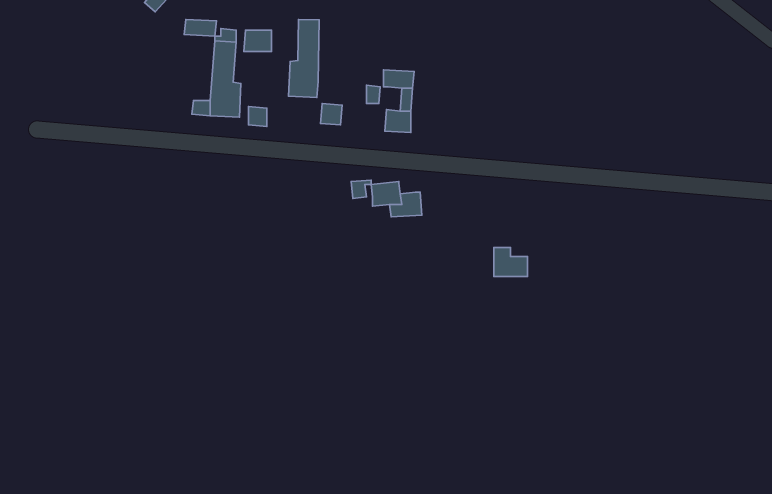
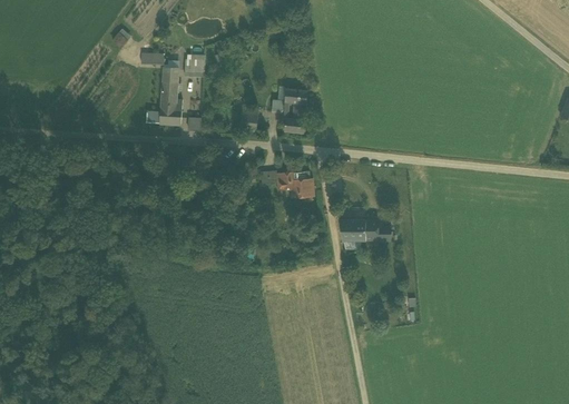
building: [289,19,319,97] -> none
building: none -> [339,219,365,240]

